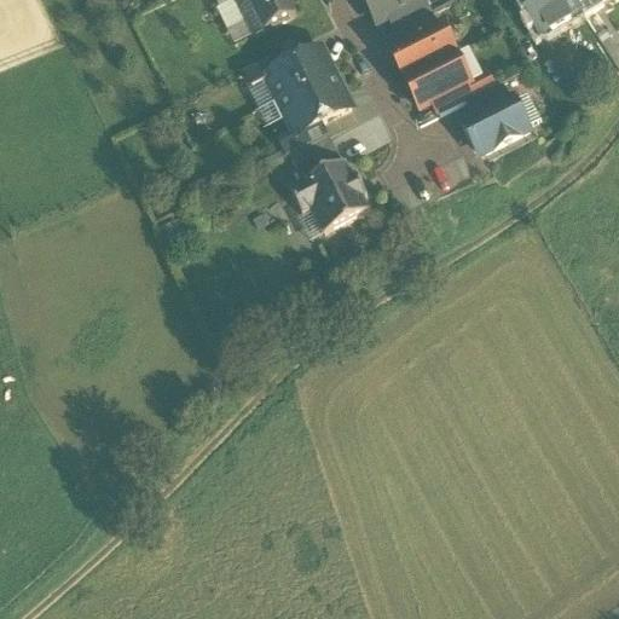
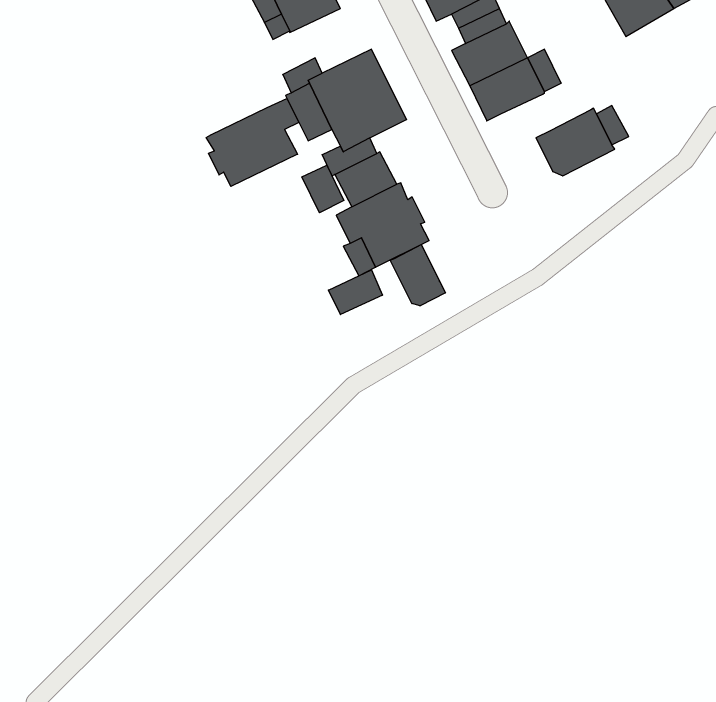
building: [430,80,508,112] -> none
building: none -> [206,99,299,186]
building: none -> [302,165,344,213]
building: none -> [390,245,445,306]
building: none -> [328,270,382,315]

